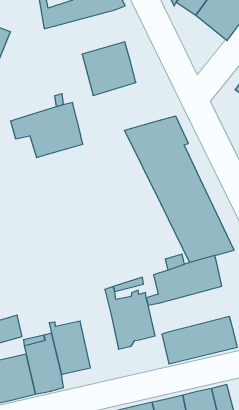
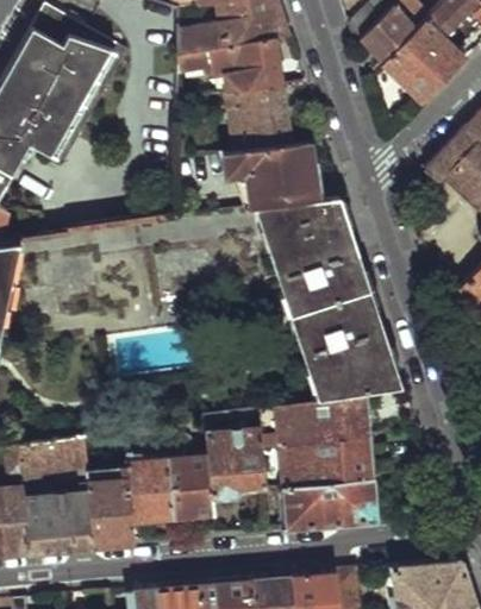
building: none -> [175,42,282,95]
building: [10,103,83,158] -> [221,142,316,209]
building: none -> [280,437,371,489]
building: none -> [167,450,214,522]

